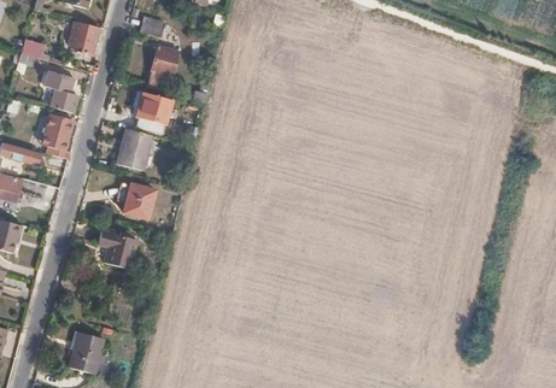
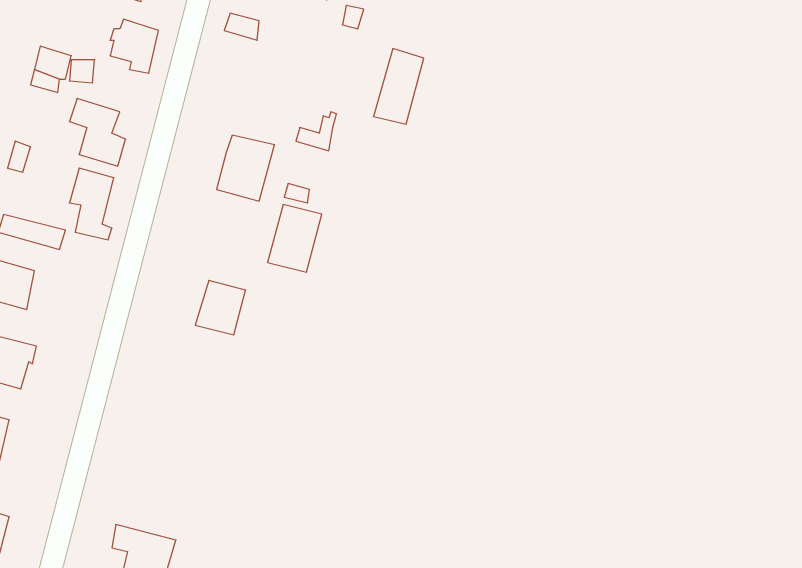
building: [146,45,177,92] -> [373,49,424,124]
building: [117,128,151,170] -> [268,204,322,272]
building: [96,230,130,268] -> none

